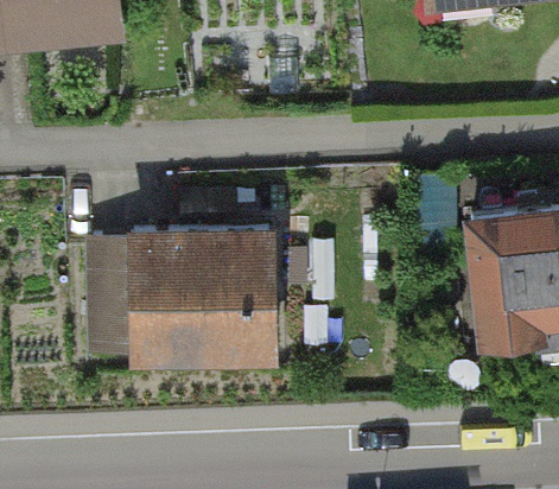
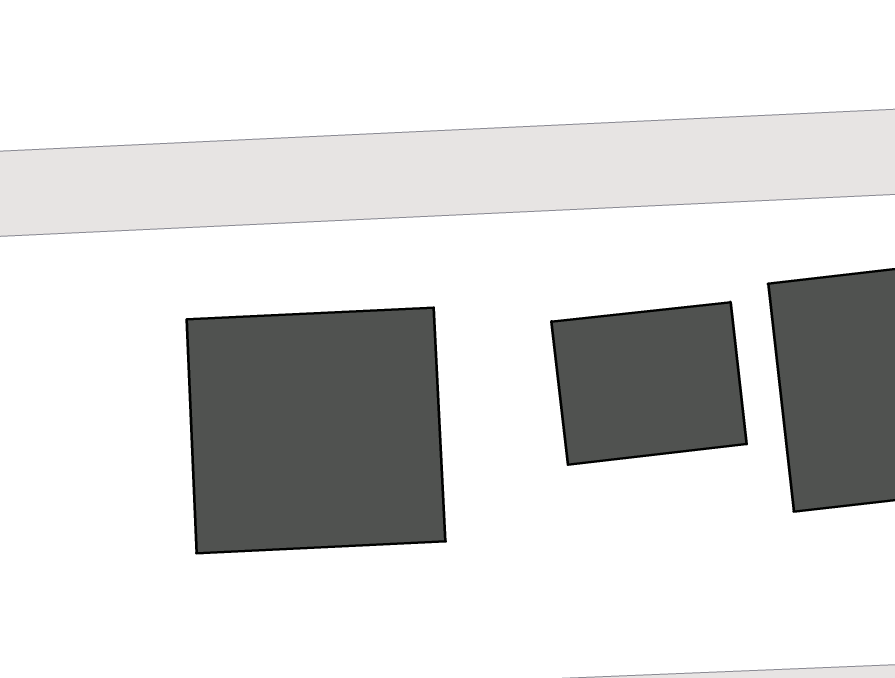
building: none -> [552,302,747,465]

